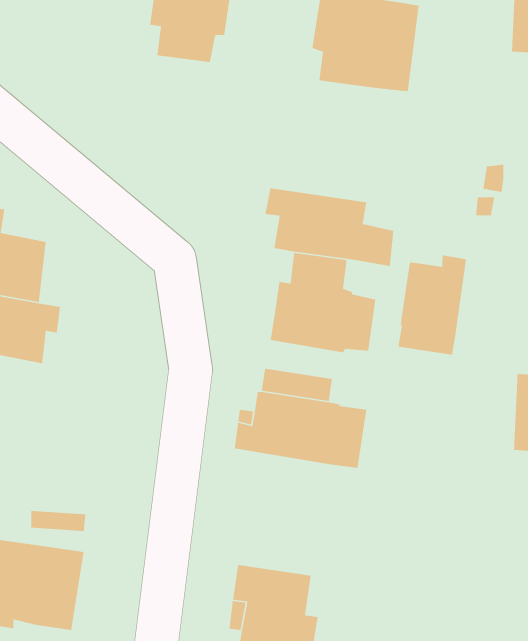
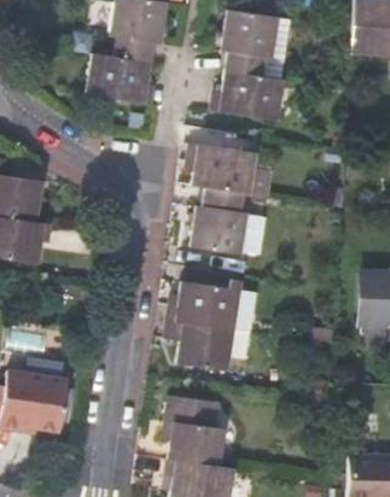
building: none -> [87,52,155,100]
building: none -> [210,71,281,118]
building: [398,255,467,356] -> none
building: none -> [164,317,250,367]

